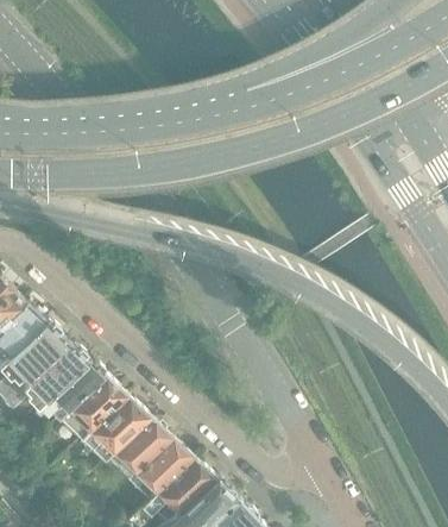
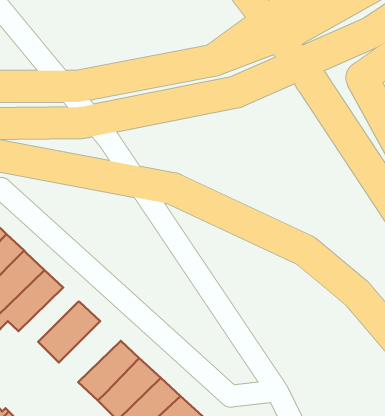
building: [36,360,107,421] -> none
building: [86,397,153,464] -> none

